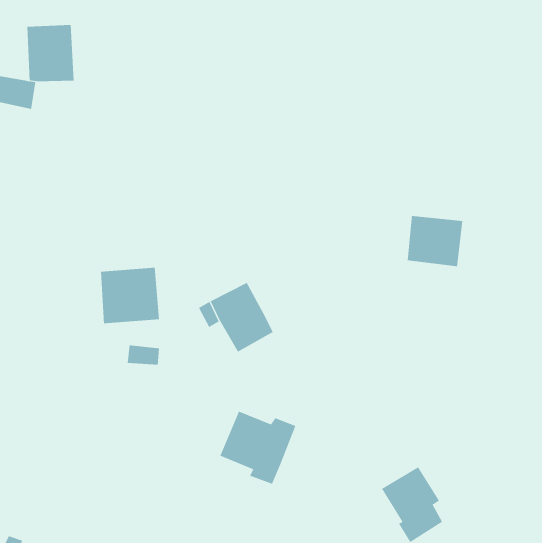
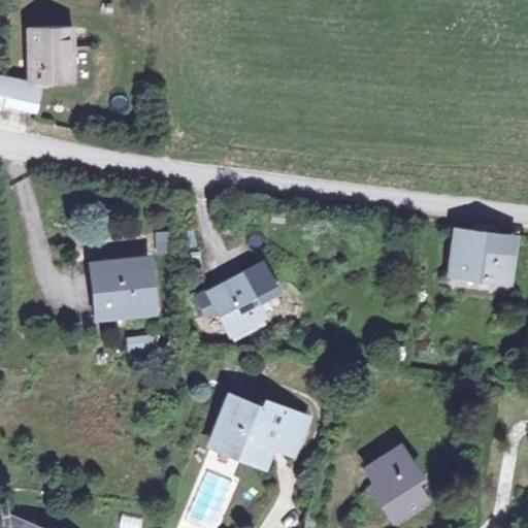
building: [407,216,463,267] -> [455,228,509,277]
building: none -> [239,263,278,308]
building: none -> [272,414,307,460]

